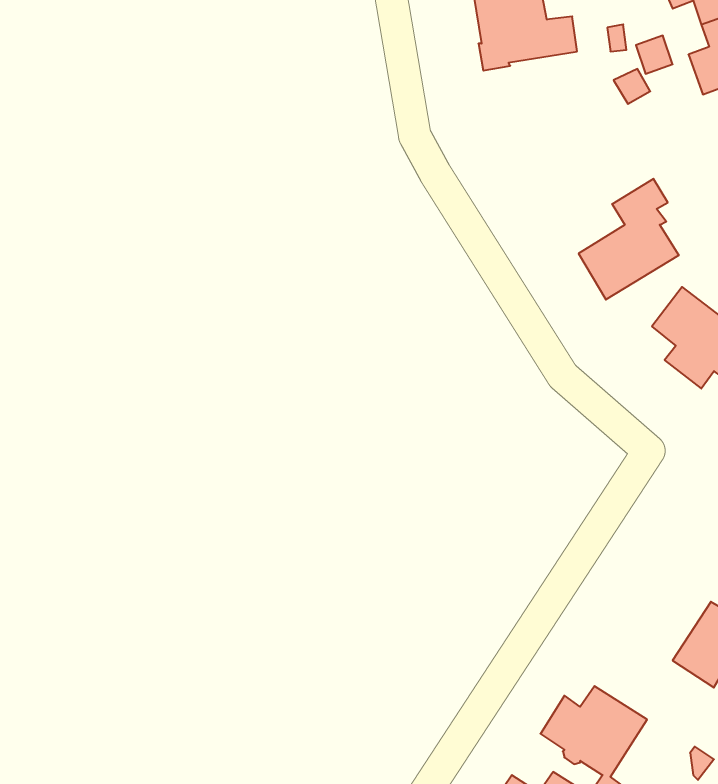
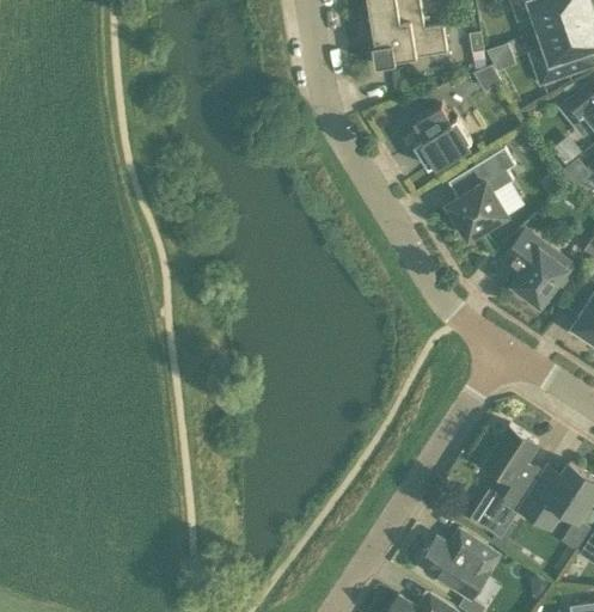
building: none -> [414,106,472,169]
building: none -> [485,424,538,502]
building: none -> [471,500,513,538]

